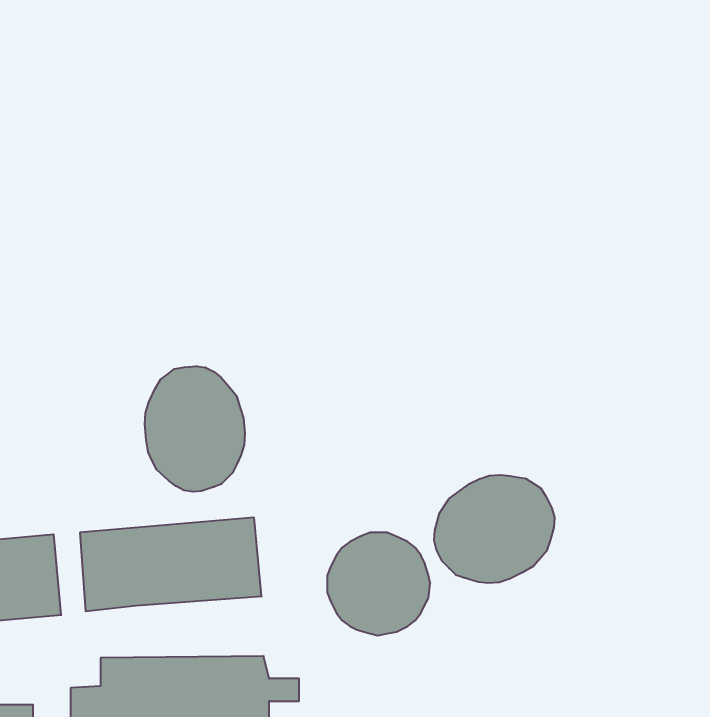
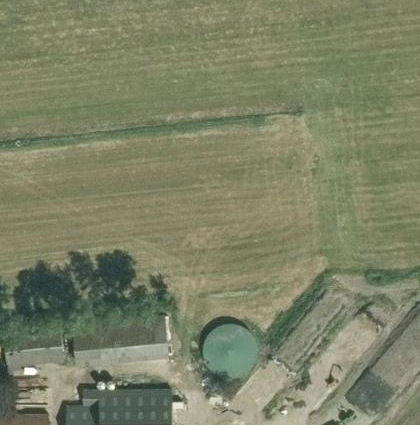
building: [145,366,245,492] -> none
building: [434,475,554,583] -> none

